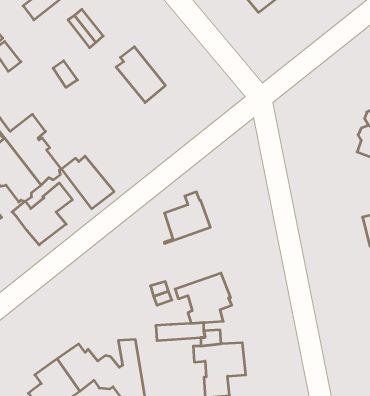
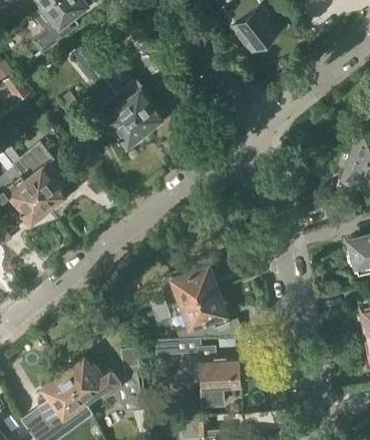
building: [62,156,114,209] -> [95,100,144,149]
building: [12,183,72,245] -> none
building: [164,192,210,243] -> [172,260,216,308]

